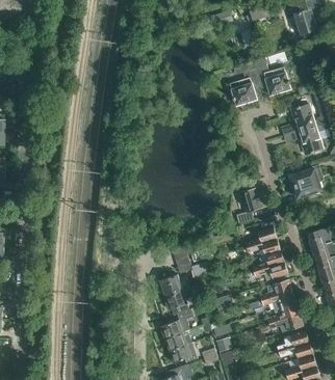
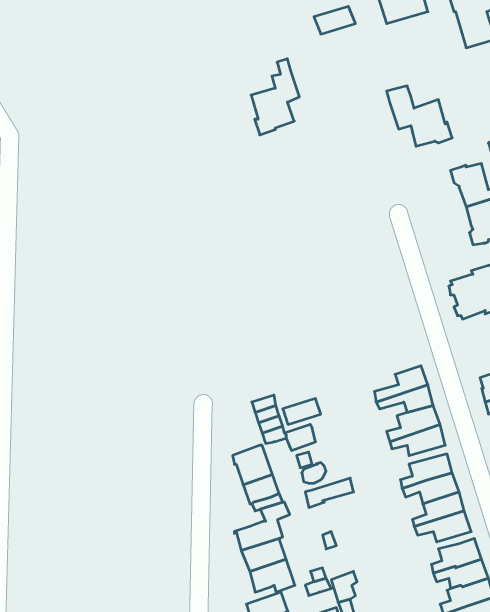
building: [230,61,259,107] -> [251,59,299,135]
building: [236,187,265,223] -> none

